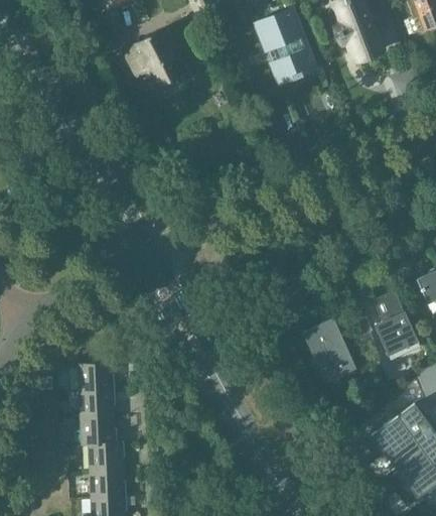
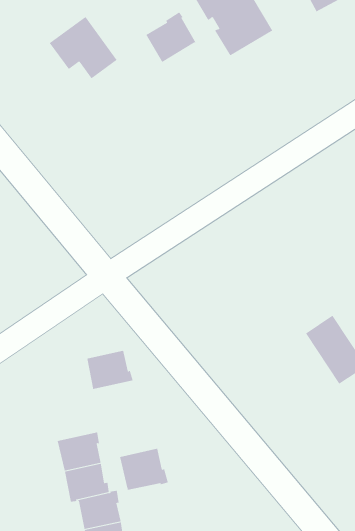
building: none -> [146,12,196,63]
building: [78,363,115,392] -> [86,350,133,389]
building: none -> [119,448,168,491]

